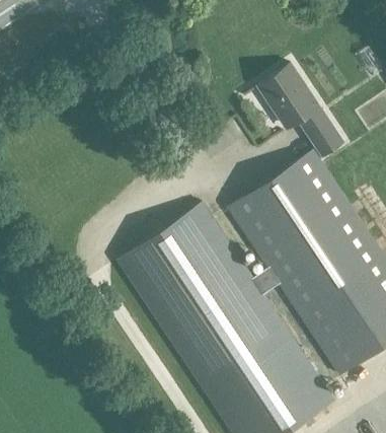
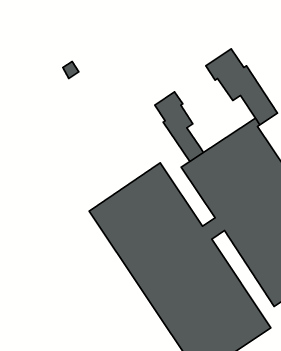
building: none -> [155,92,204,162]

